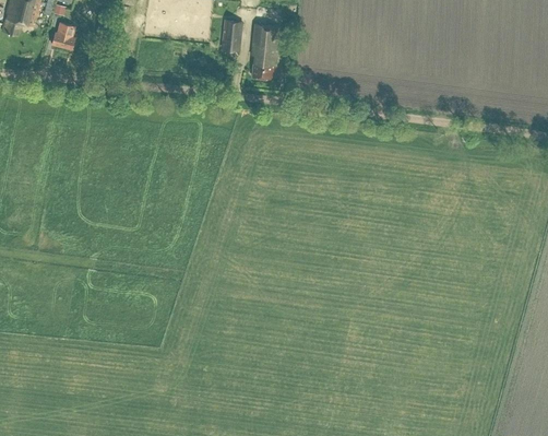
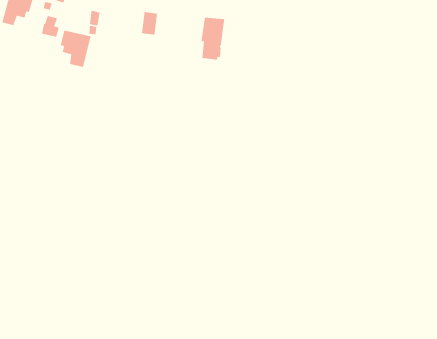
building: [221,21,241,50] -> [141,12,158,35]
building: none -> [60,30,91,68]

